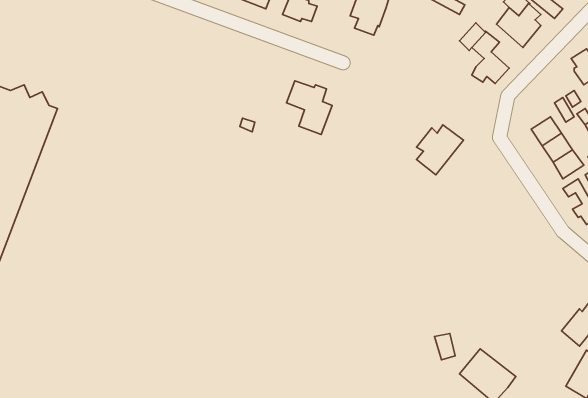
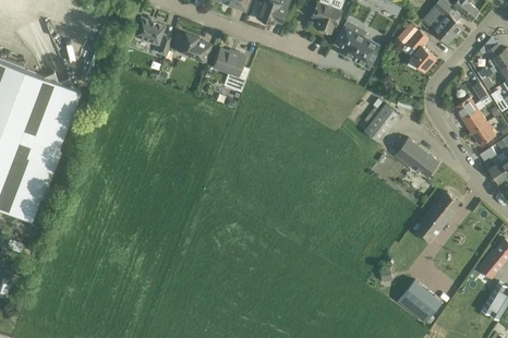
building: none -> [133,16,171,56]
building: none -> [331,21,379,68]
building: none -> [174,33,211,63]
building: [287,81,332,135] -> [213,49,249,92]
building: none -> [390,135,439,177]
building: none -> [413,192,459,244]

